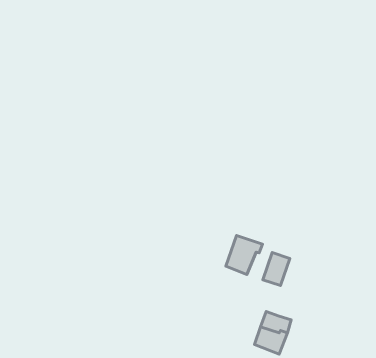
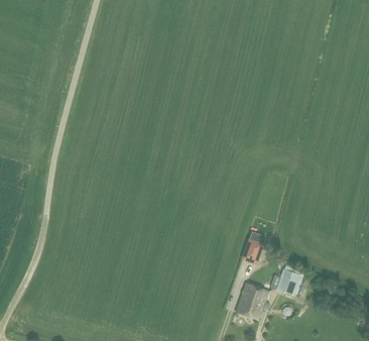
building: [226,235,263,274] -> none
building: none -> [276,269,299,295]

